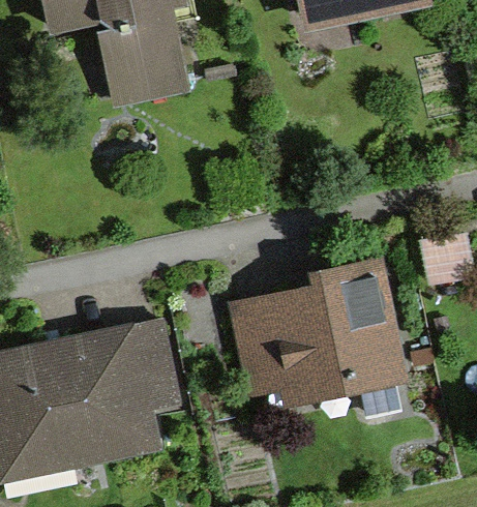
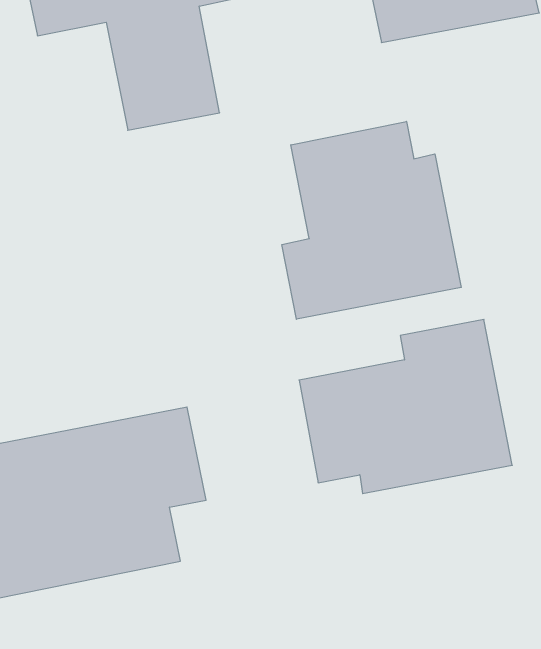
building: none -> [282,121,461,319]

